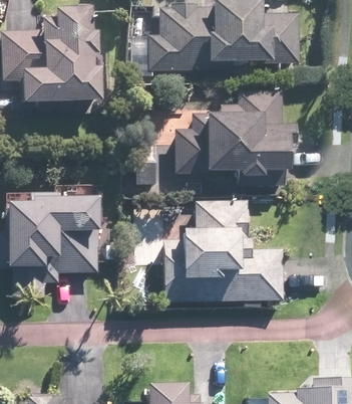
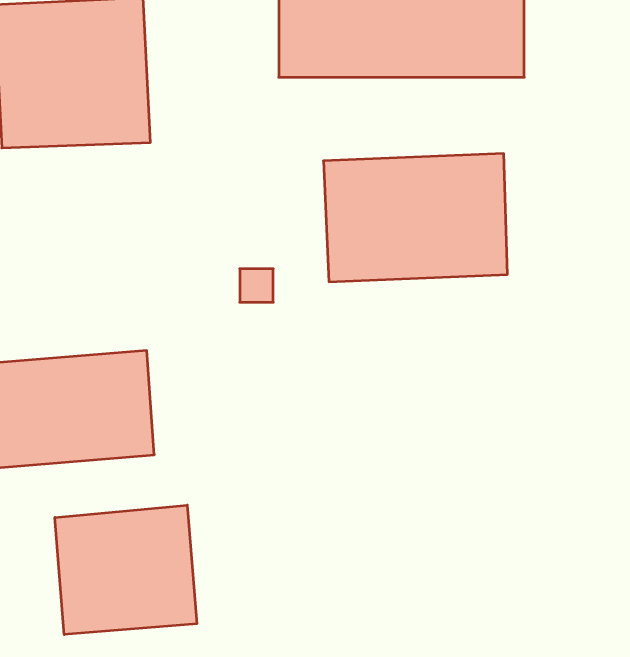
building: [163,200,284,300] -> none
building: none -> [55,505,197,635]

